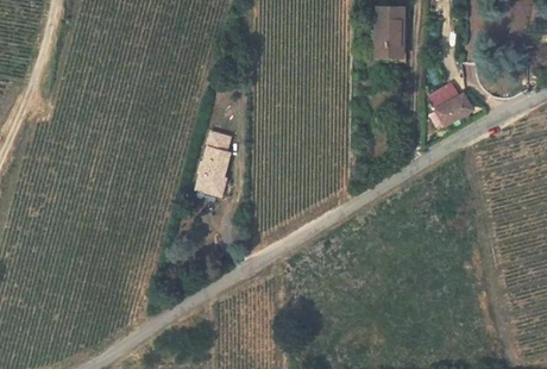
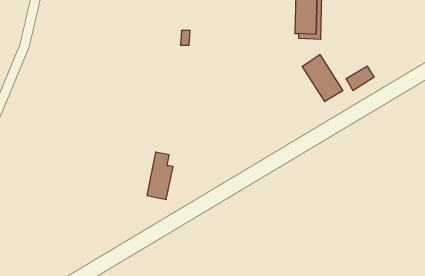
building: none -> [302,54,343,102]
building: [200,132,232,190] -> [147,152,173,199]

